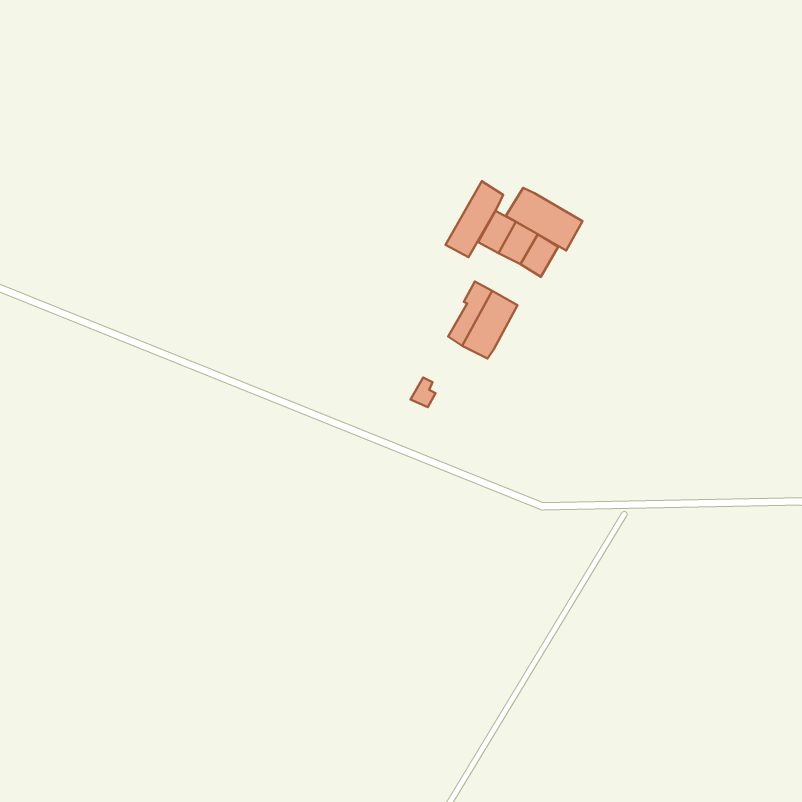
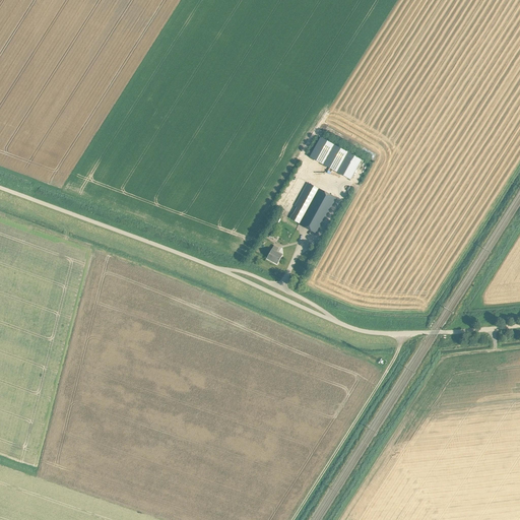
building: [445,181,503,257] -> none
building: [506,188,582,251] -> none

